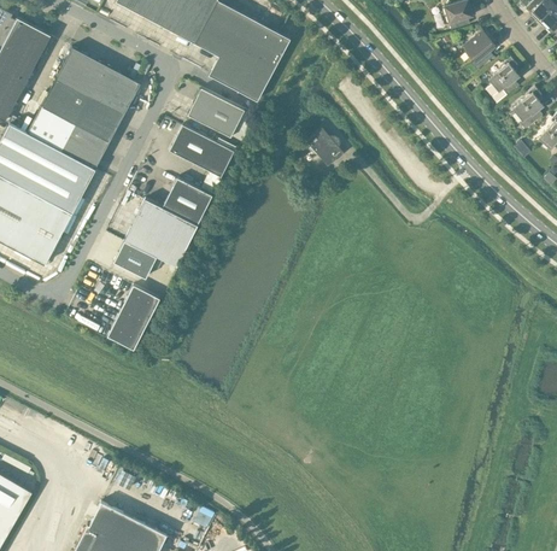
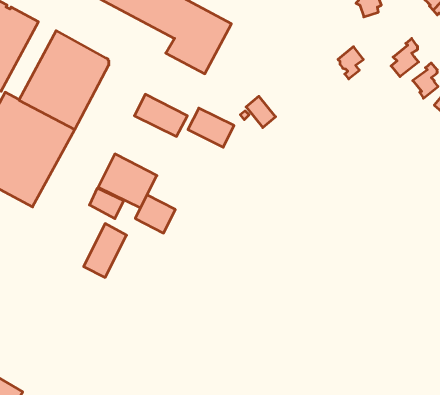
building: [463,31,494,71] -> [338,47,363,79]
building: [187,88,244,136] -> [188,108,234,147]
building: [162,178,211,225] -> [135,195,175,233]

